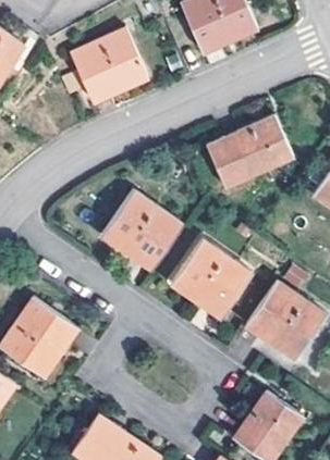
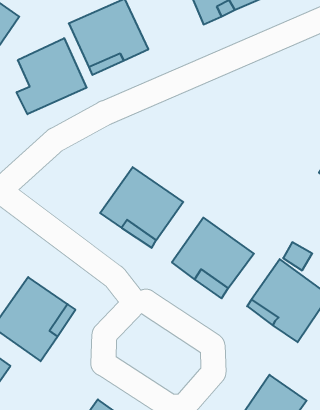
building: none -> [17,38,87,114]
building: [207,115,294,188] -> none

